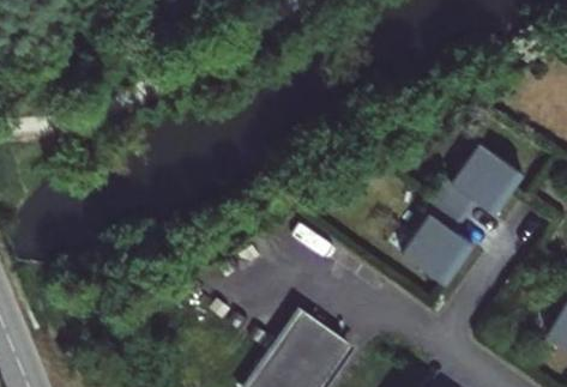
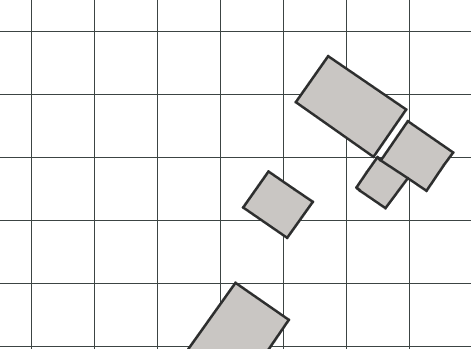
building: none -> [296,56,406,157]
building: [400,214,472,283] -> [243,172,313,238]

